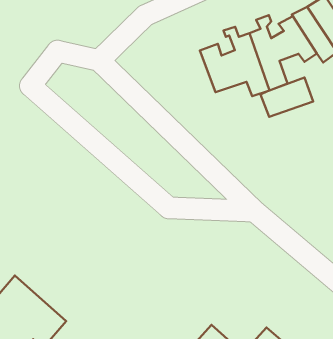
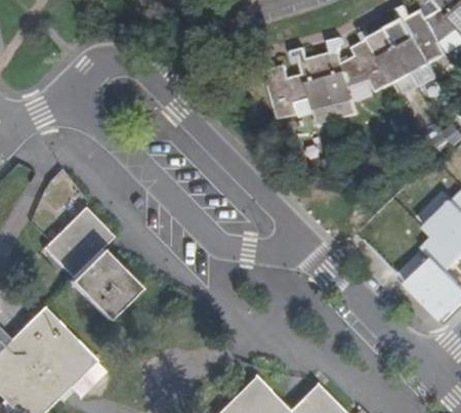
building: [261,78,313,117] -> none
building: none -> [43,207,140,319]

